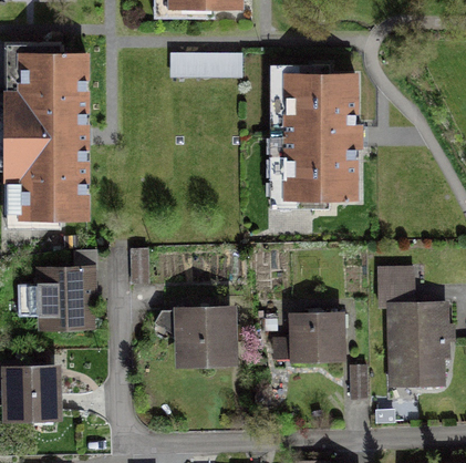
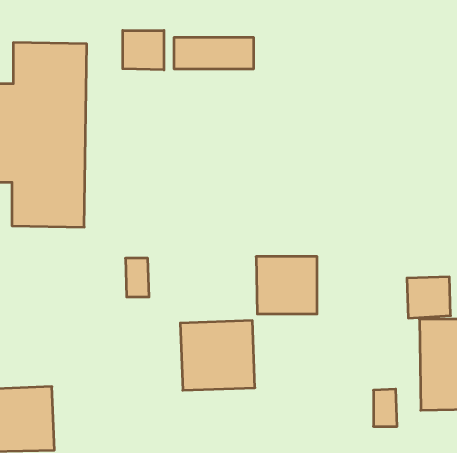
building: none -> [123,30,164,70]
building: [287,75,360,197] -> none
building: [32,266,94,333] -> none
building: [290,311,344,362] -> [256,257,317,314]

